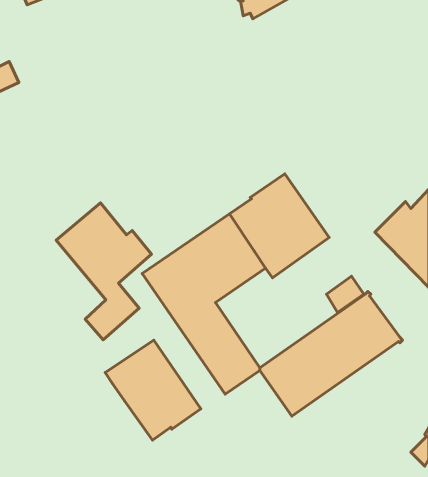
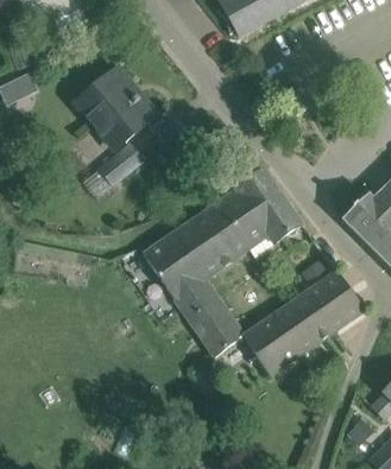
building: [56,203,152,340] -> [75,69,157,186]
building: [105,340,201,440] -> none

